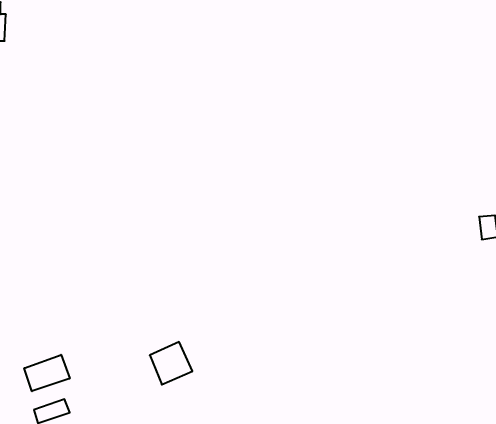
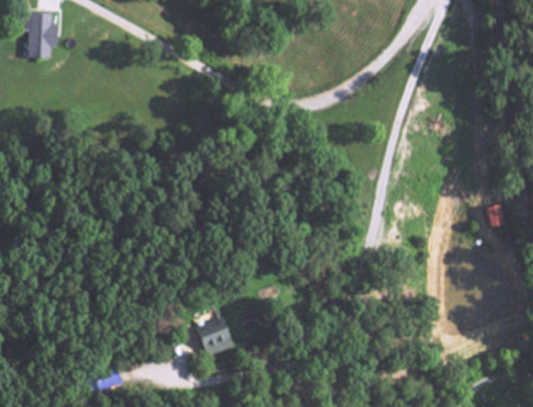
building: [24,355,70,391] -> none

